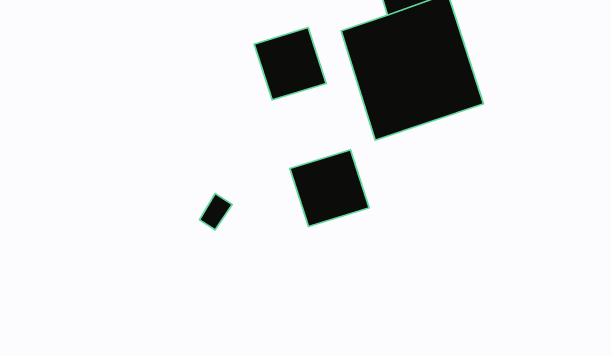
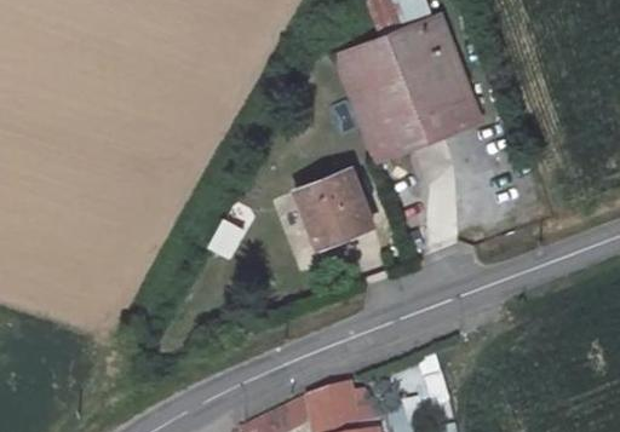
building: [254,28,326,100] -> none

